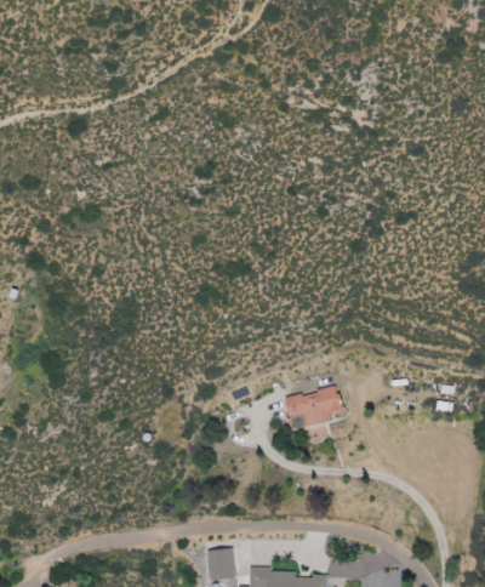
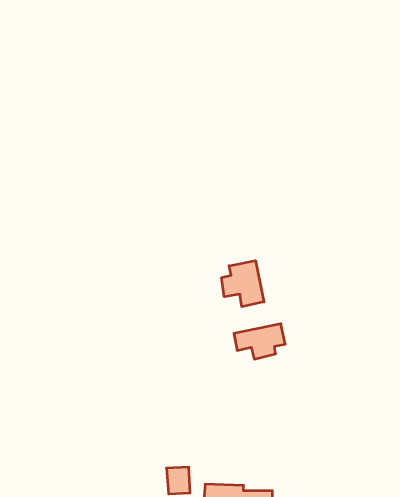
building: none -> [222,261,264,307]

